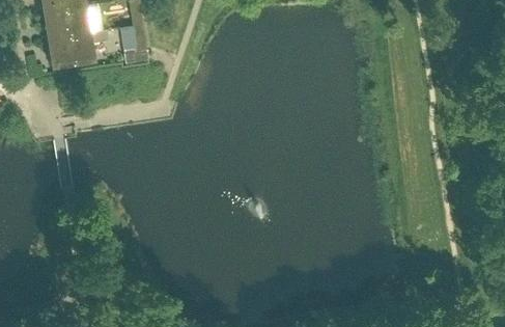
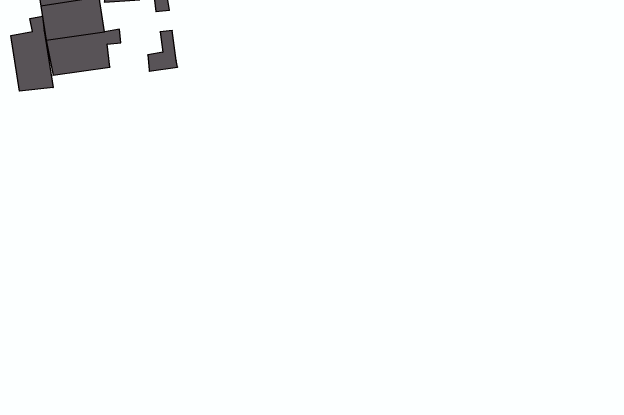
building: none -> [11,16,53,91]

